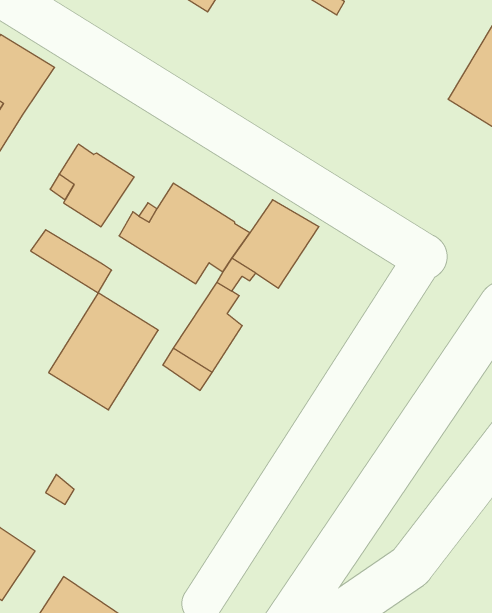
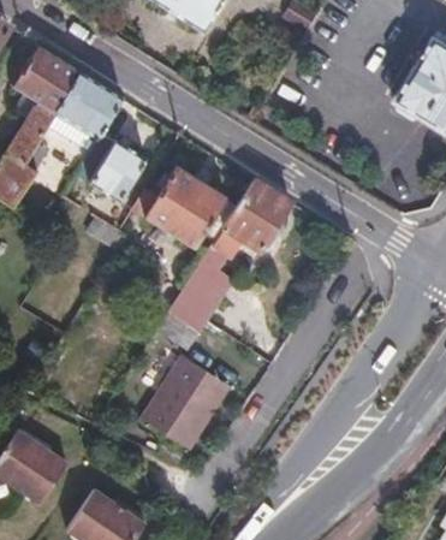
building: none -> [57,75,123,137]
building: [49,293,158,410] -> [144,354,232,447]

